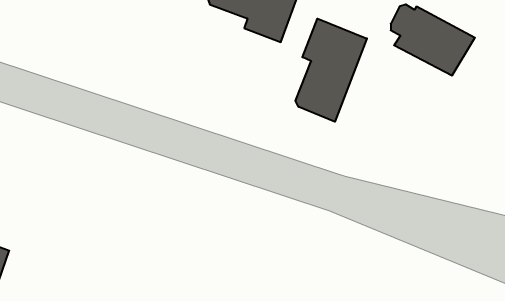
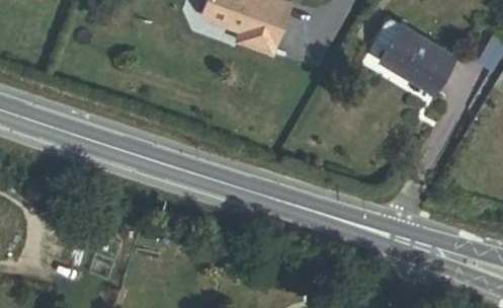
building: [296,19,367,122] -> none

